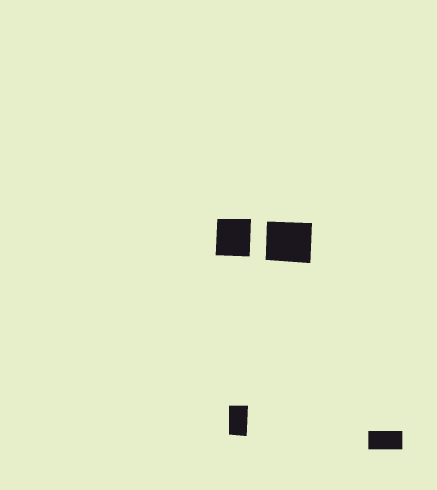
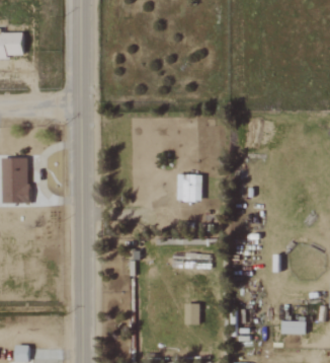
building: [265,221,313,264] -> none

